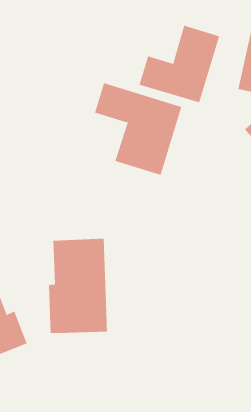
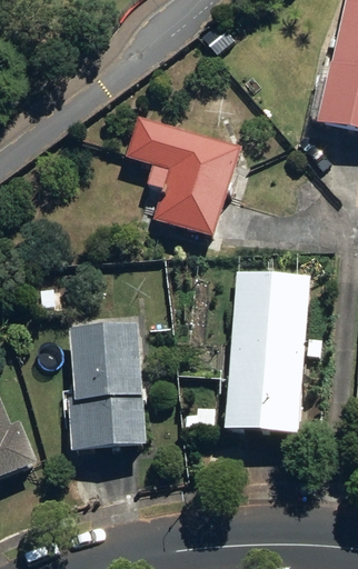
building: [139,25,220,103] -> none
building: none -> [222,269,311,433]

